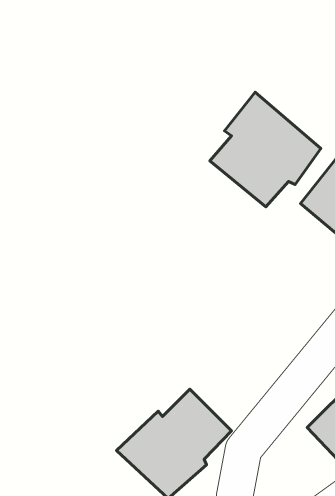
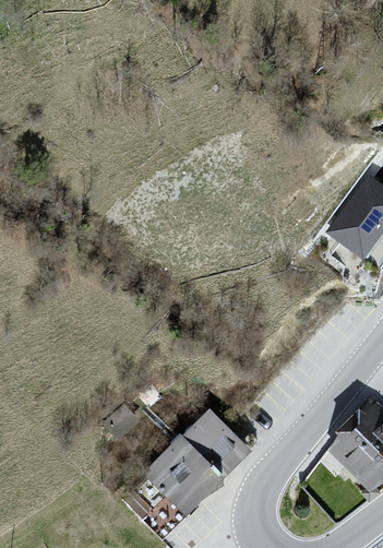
building: [210,92,321,207] -> none

